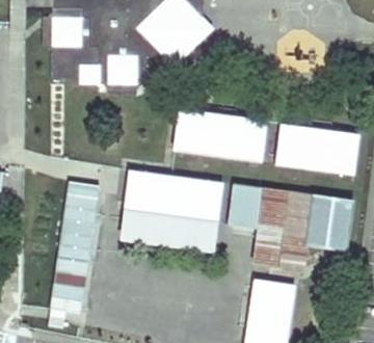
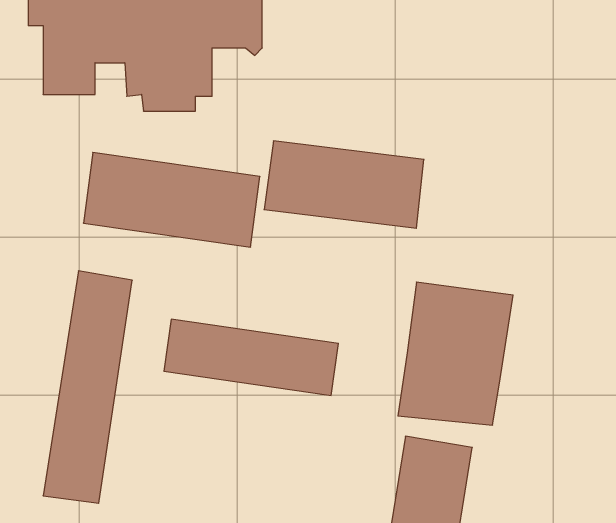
building: [277,123,360,173] -> none
building: [125,169,223,222] -> [83,152,260,247]
building: [230,185,262,228] -> none
building: [309,195,354,248] -> none

